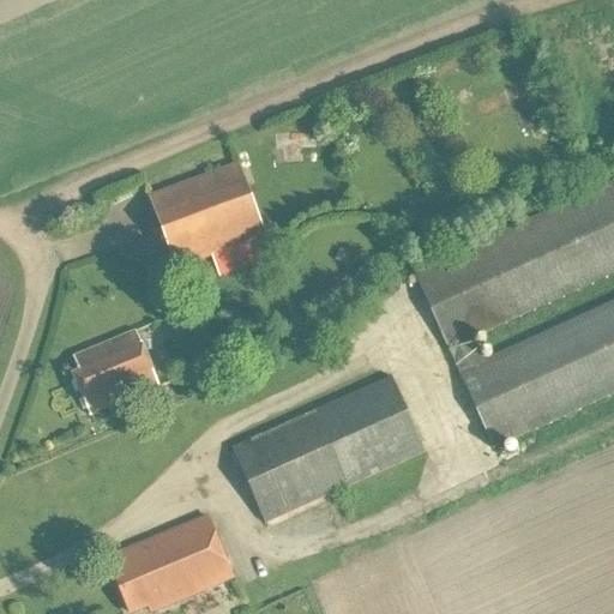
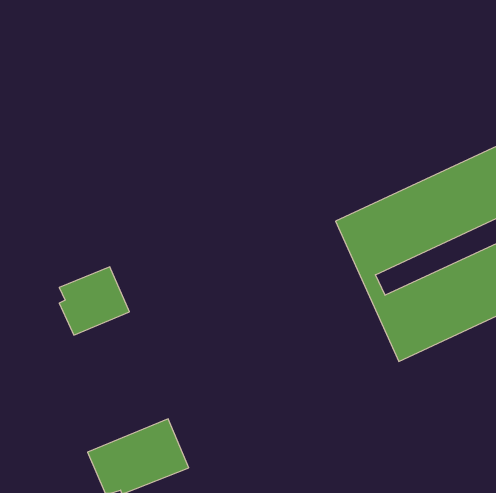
building: [150,161,275,273] -> none
building: [233,374,426,520] -> none

